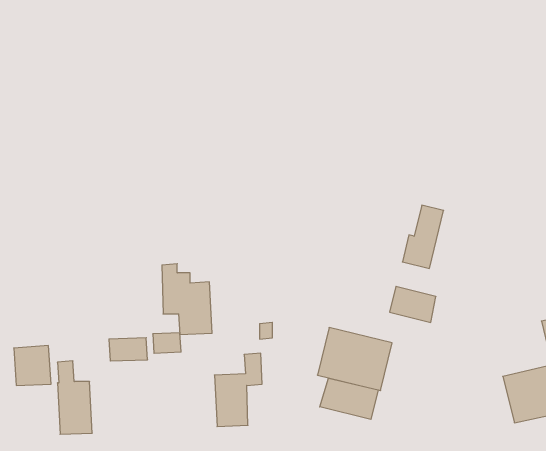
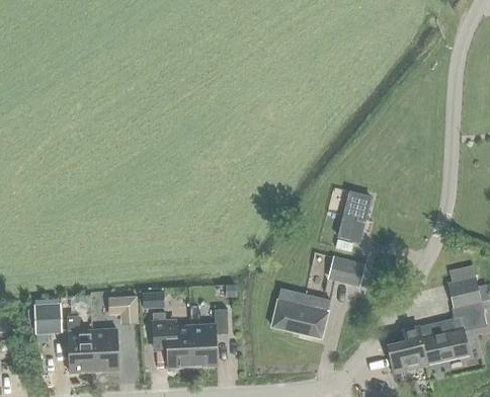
building: [162,264,212,335] -> [153,312,192,368]
building: none -> [388,326,426,373]
building: [320,378,378,419] -> none
building: none -> [92,329,118,372]

